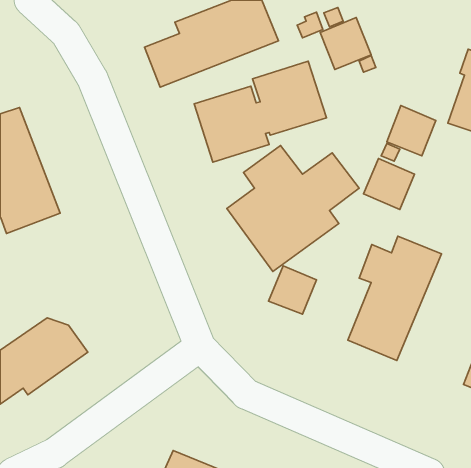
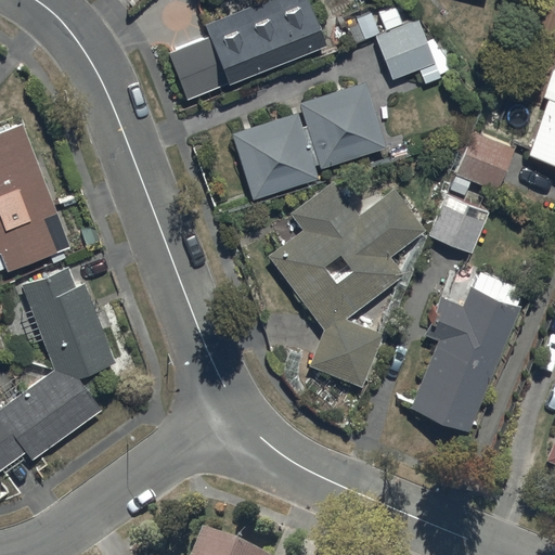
building: none -> [24,275,119,387]

